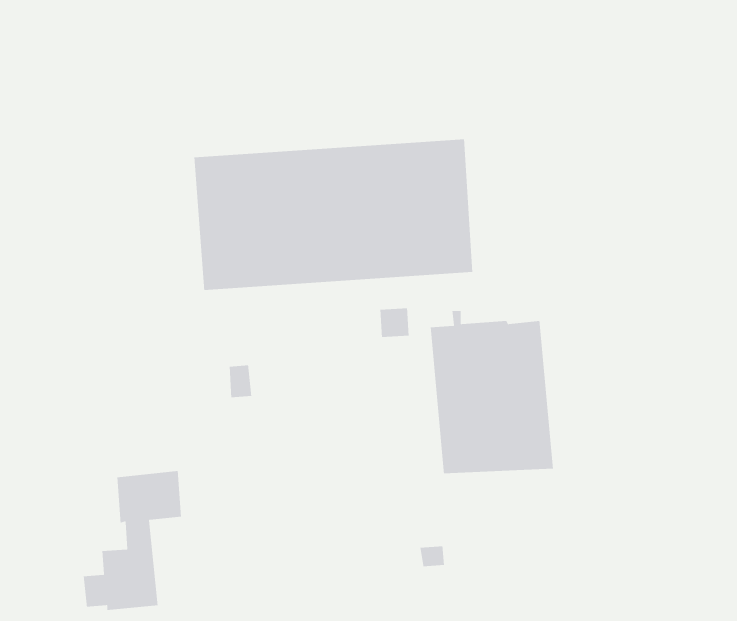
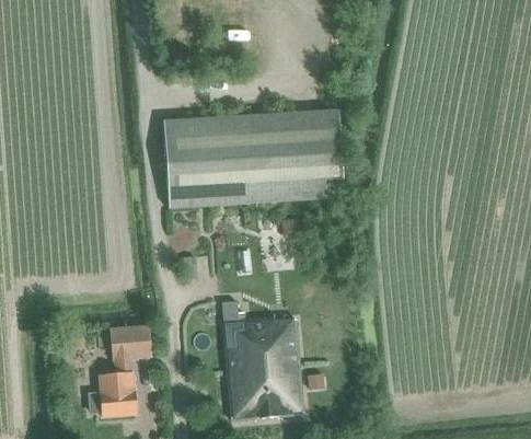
building: [430,310,554,474] -> [223,312,304,419]

